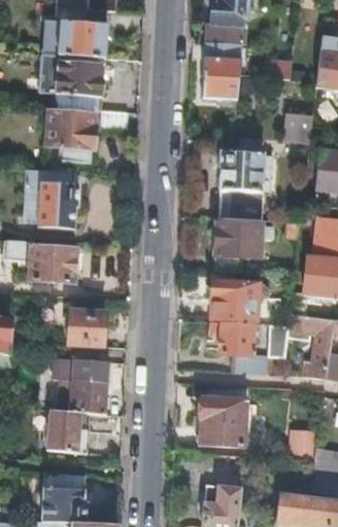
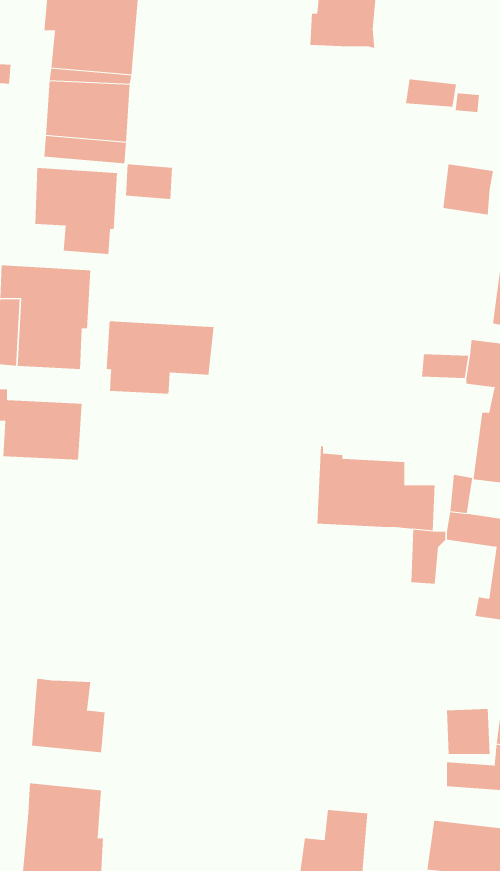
building: [203,41,241,98] -> none
building: [219,149,265,219] -> none
building: none -> [106,320,214,395]
building: [214,222,261,269] -> none
building: [67,309,105,345] -> none
building: [210,319,266,372] -> none
building: [54,356,109,414] -> none
building: [197,396,246,446] -> none

